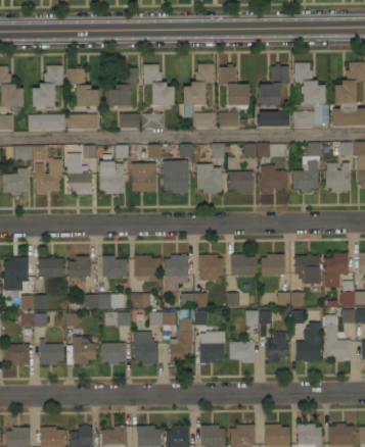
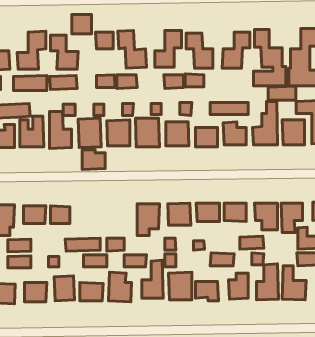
building: [107,85,129,106] -> [72,14,91,34]
building: [258,111,288,127] -> [268,86,296,100]
building: [101,256,127,278] -> [82,150,105,169]
building: [133,256,157,282] -> none

